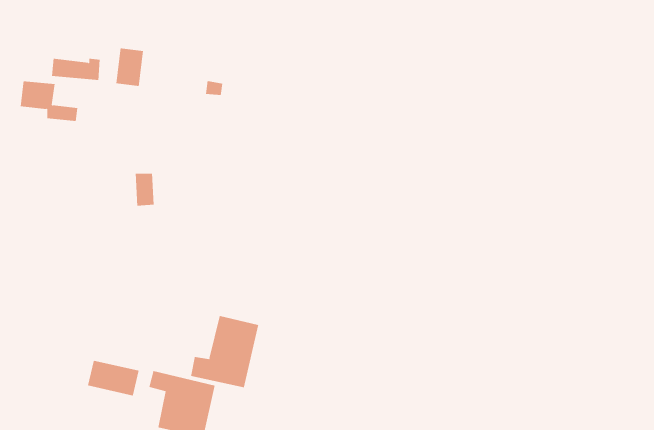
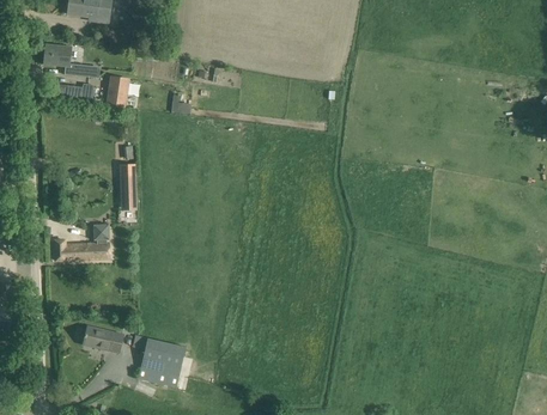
building: [20,81,78,121] -> [43,44,90,77]
building: none -> [55,224,110,261]
building: [190,315,259,388] -> none

